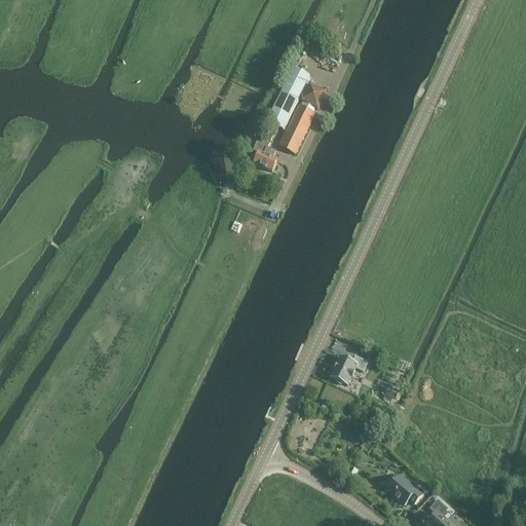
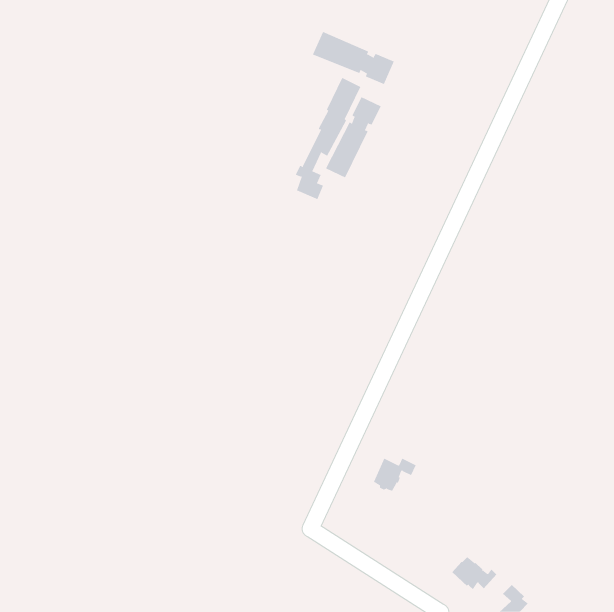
building: none -> [312,31,395,85]
building: [330,354,367,383] -> [373,458,416,492]

